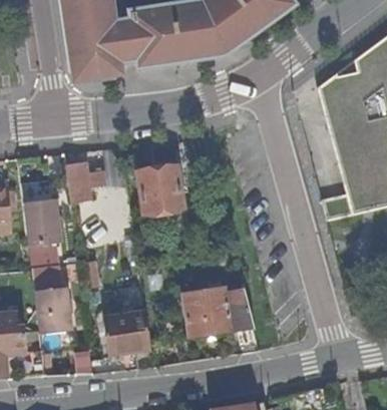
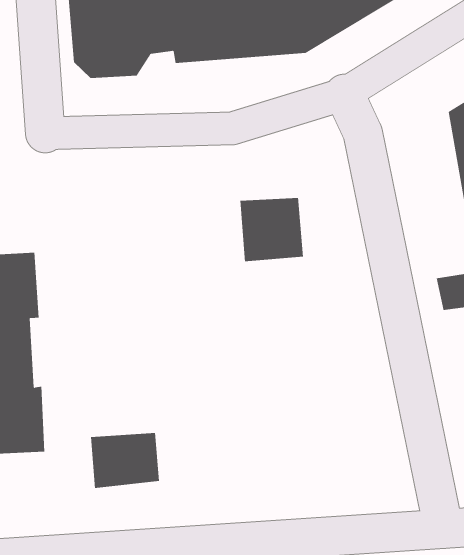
building: [64,161,103,203] -> none
building: [136,166,181,212] -> [239,197,304,262]
building: [181,287,257,351] -> none

